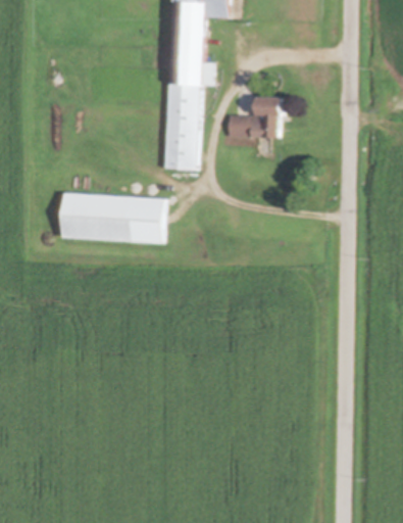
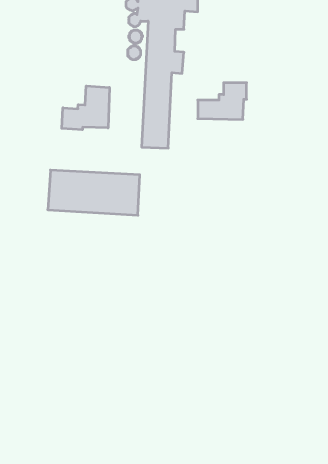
building: none -> [62,86,109,130]

